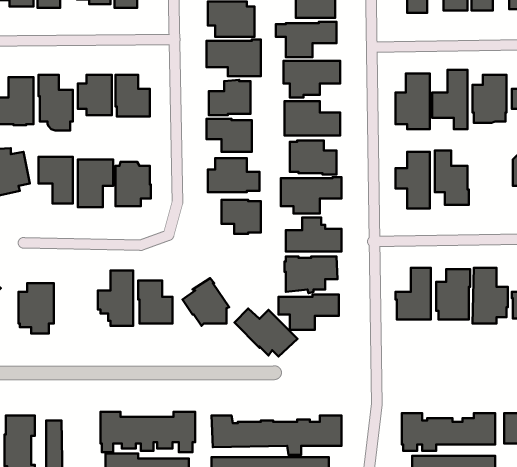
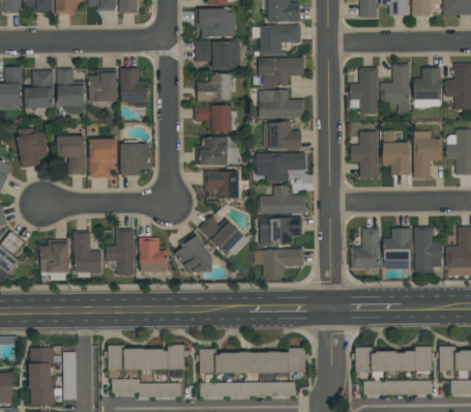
building: none -> [413,130,442,179]
building: none -> [73,231,101,272]
building: [234,309,297,357] -> [198,216,249,256]

